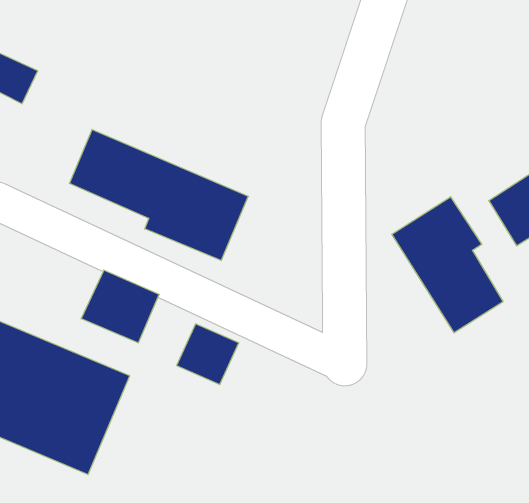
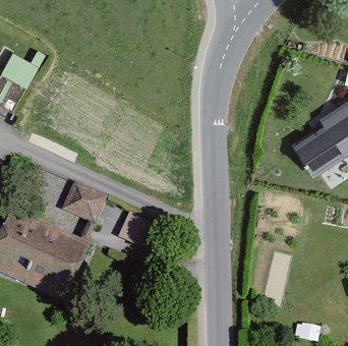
building: [70,129,248,261] -> none
building: [392,197,503,333] -> none

